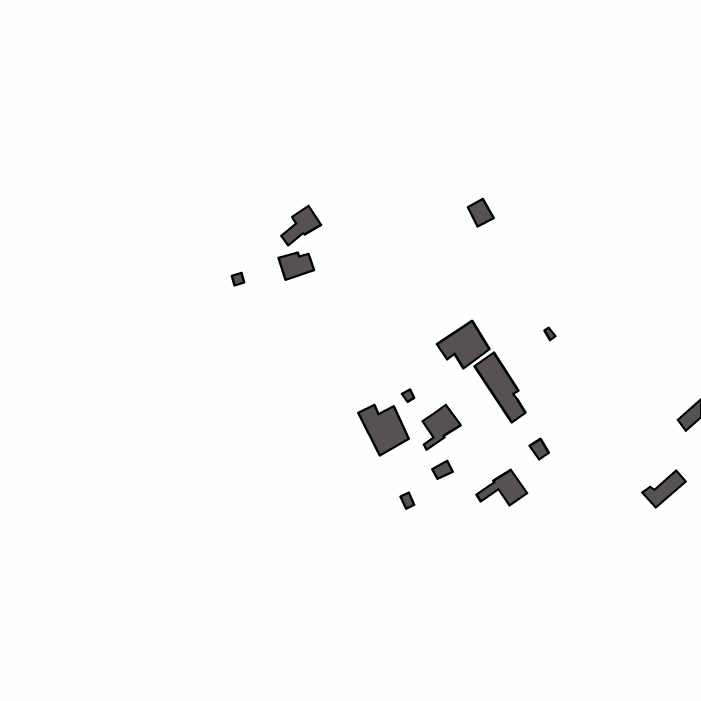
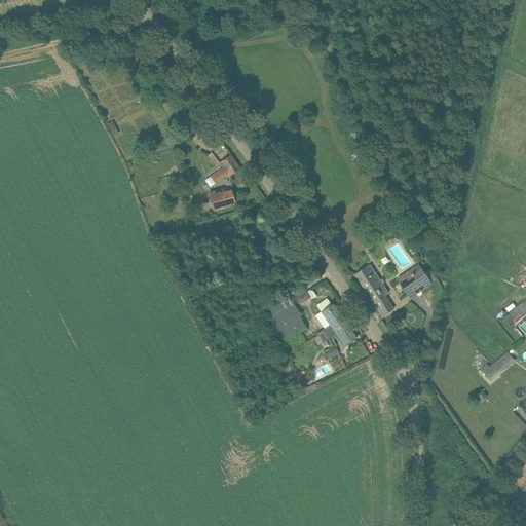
building: [437,321,490,368] -> none
building: none -> [397,264,430,295]
building: [477,470,527,506] -> [320,318,358,345]

